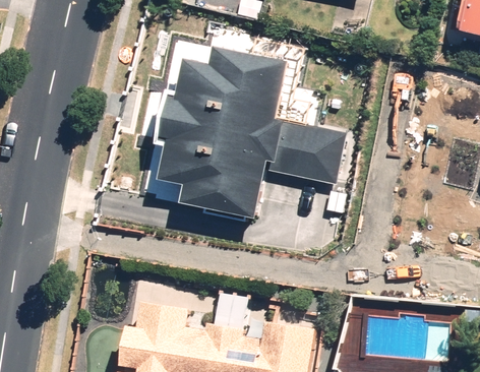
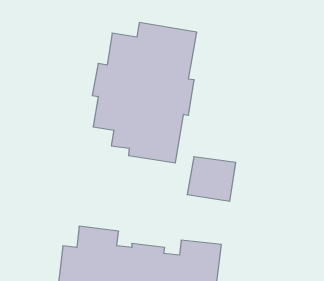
building: [283,125,343,180] -> [187,157,236,201]

